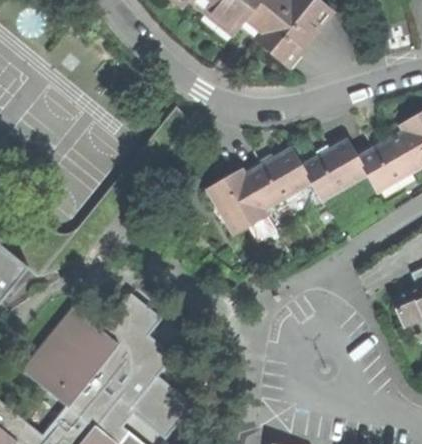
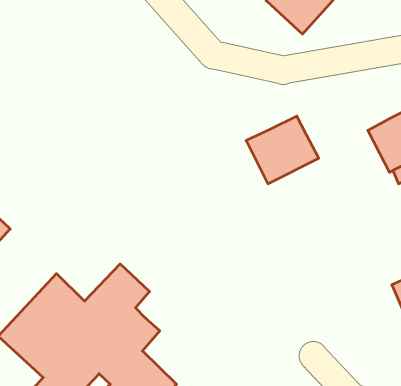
building: [297,136,366,201] -> none
building: [201,169,266,238] -> none

